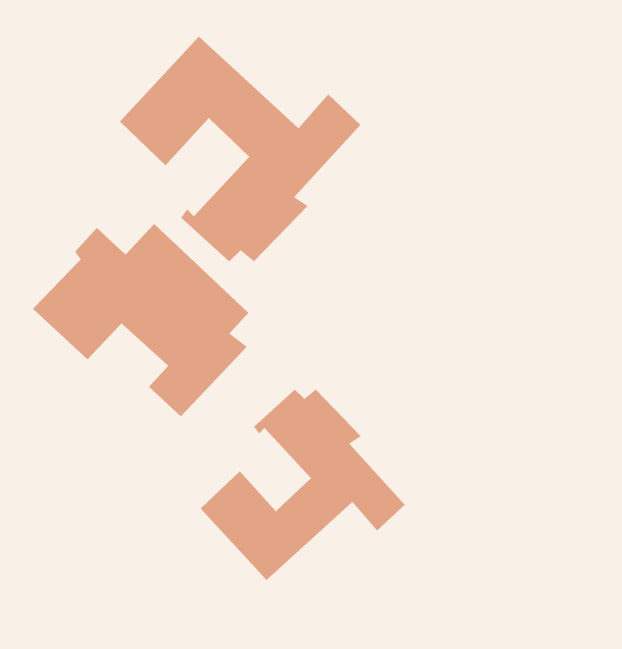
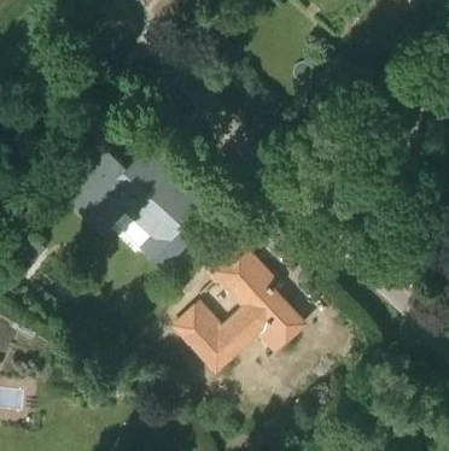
building: [119,36,361,262] -> none

